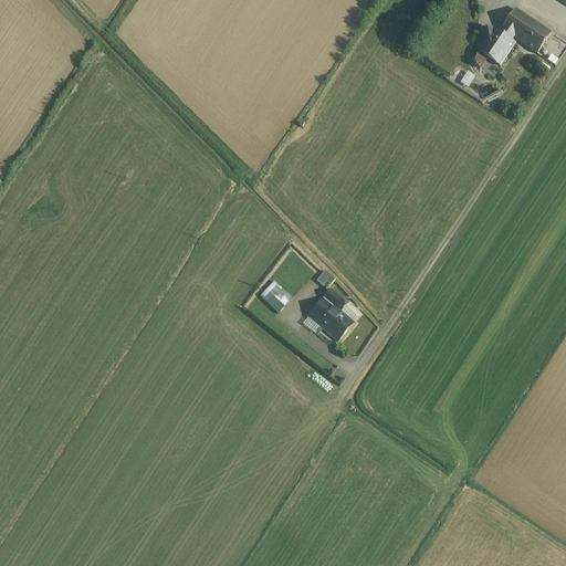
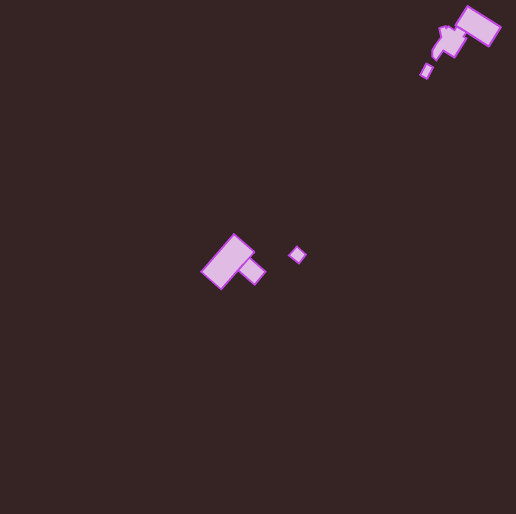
building: none -> [201,234,254,289]
building: [308,290,355,340] -> none

